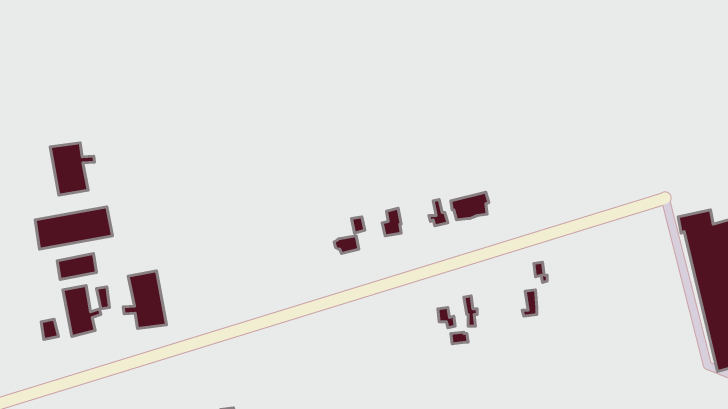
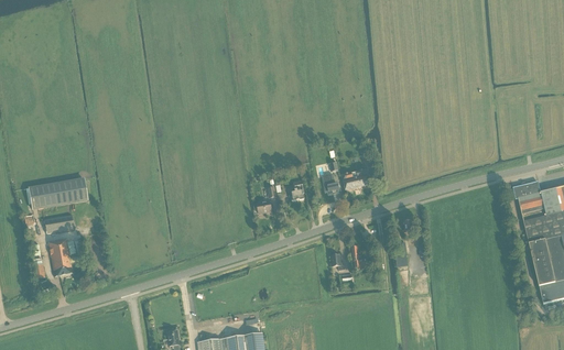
building: [50,143,94,195] -> none
building: [123,271,167,329] -> none

